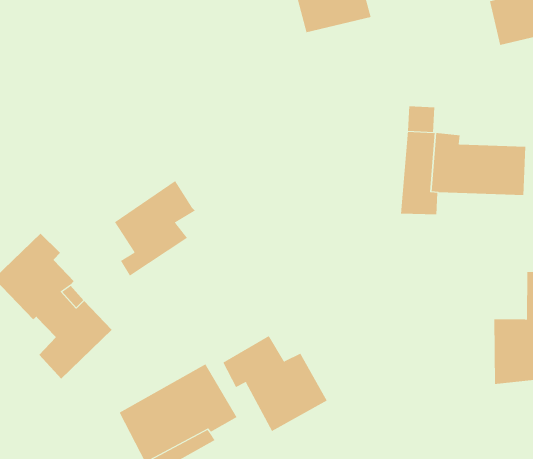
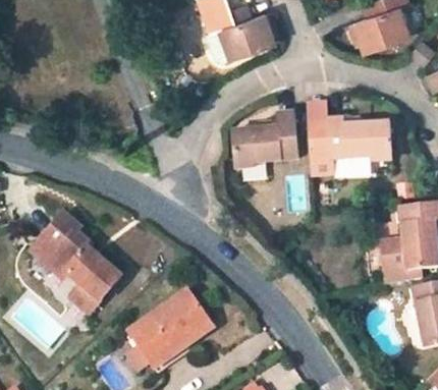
building: none -> [230,113,297,165]
building: [114,180,196,276] -> none
building: [222,335,328,432] -> none

